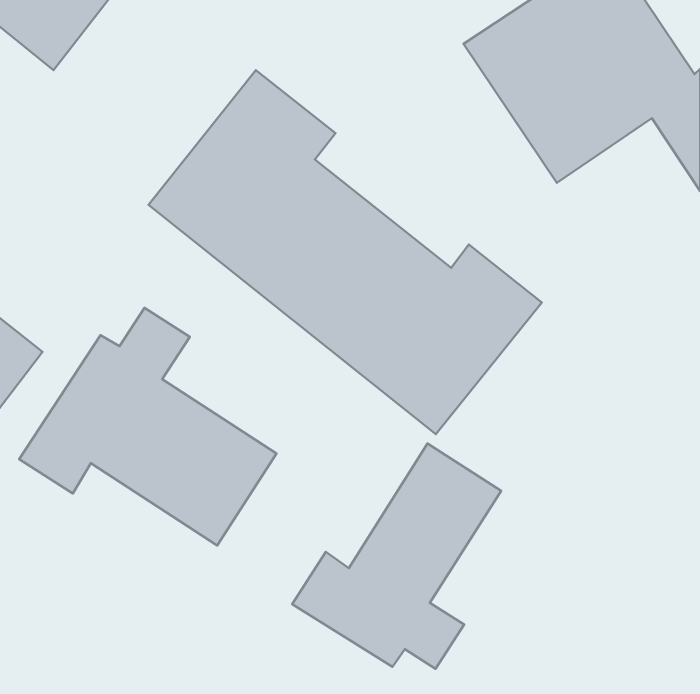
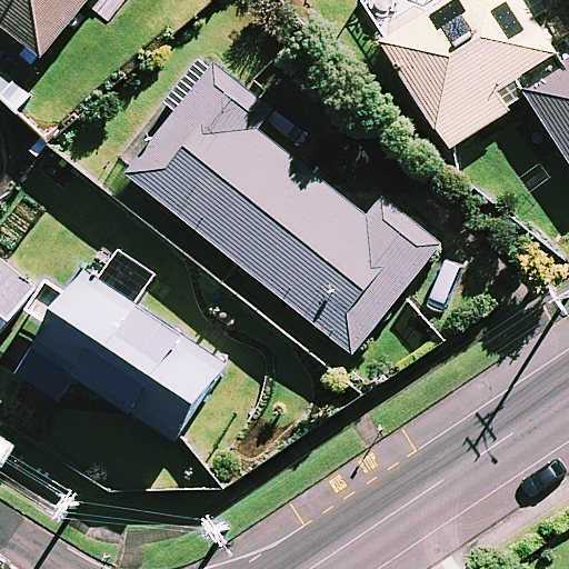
building: [292,444,501,669] -> none

